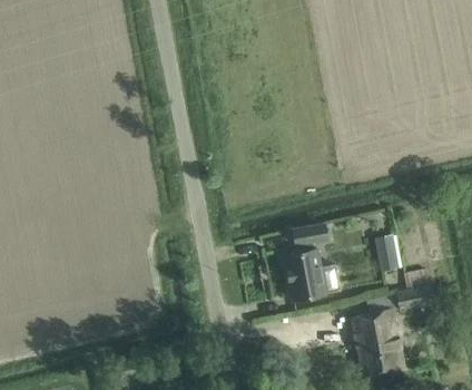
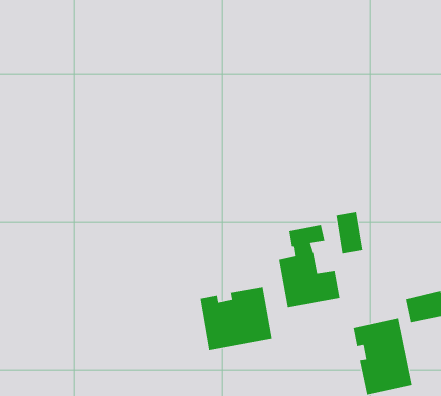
building: [372,233,396,271] -> [336,211,363,254]
building: none -> [200,287,272,351]

